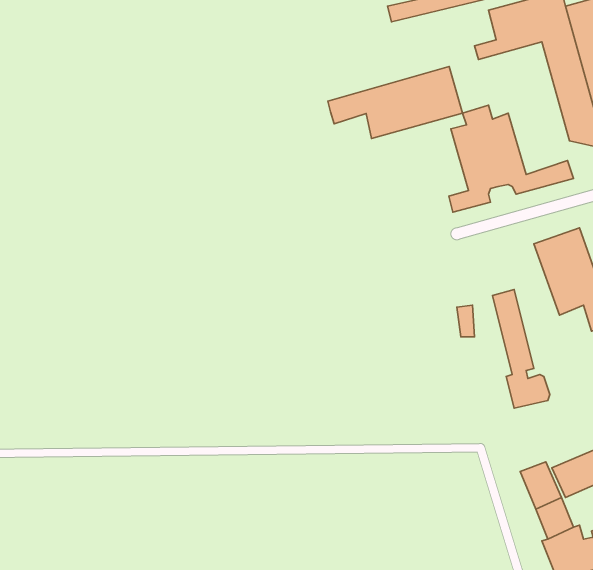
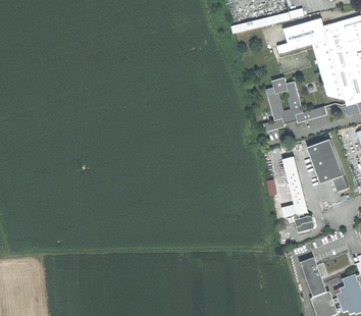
building: [328,67,463,139] -> none

